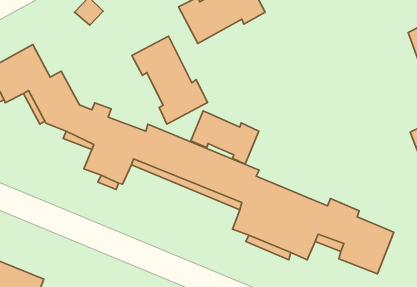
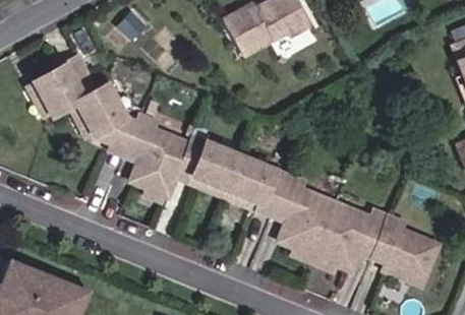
building: [132,36,207,124] -> none
building: [191,111,259,164] -> none

